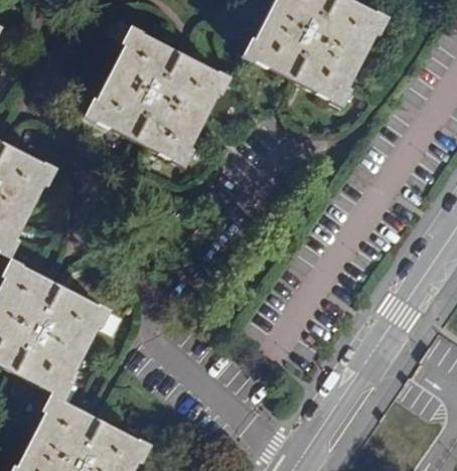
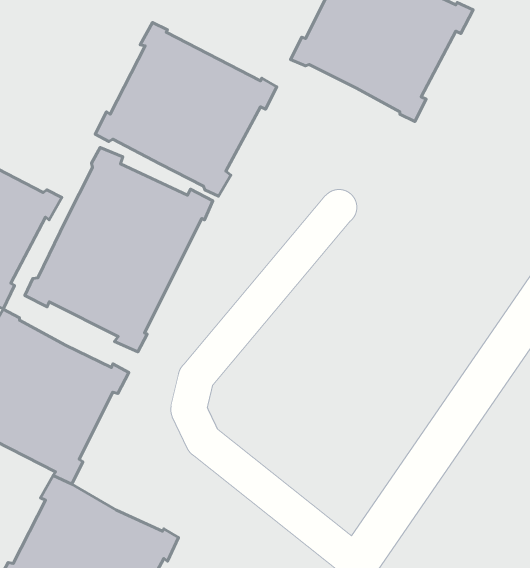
building: none -> [25,147,213,352]

